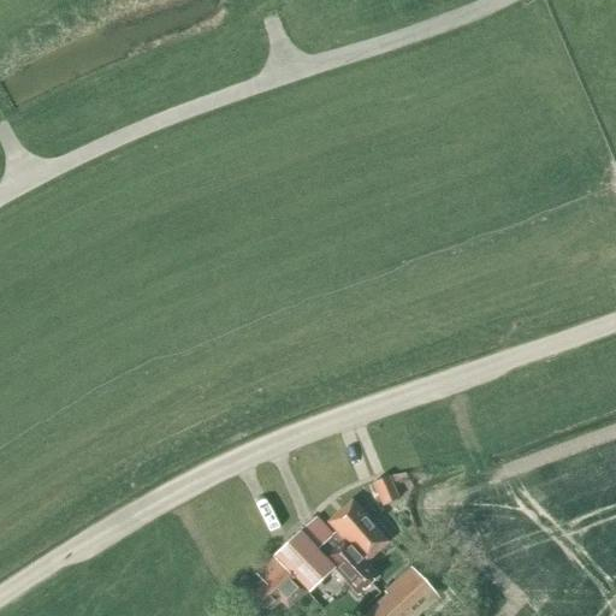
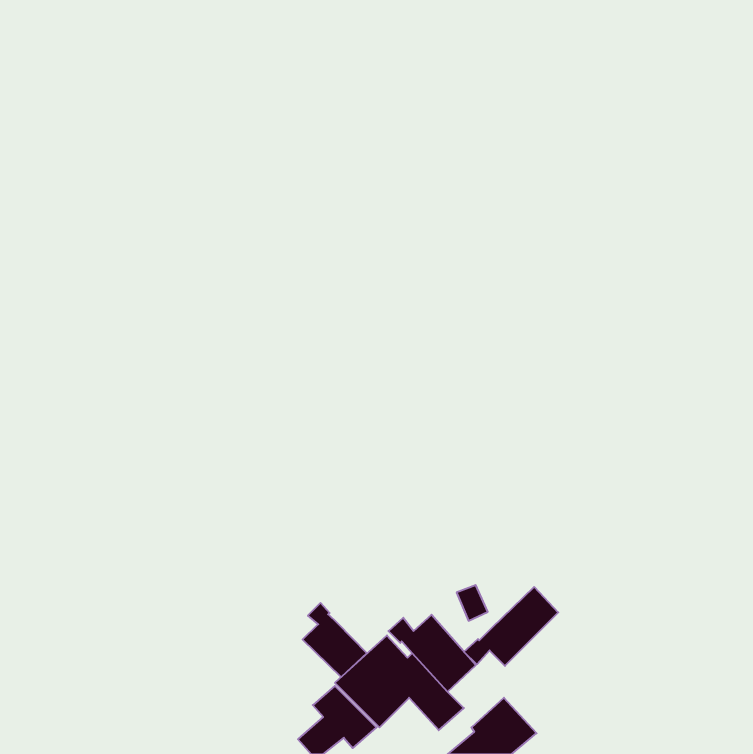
building: none -> [464,587,558,666]
building: none -> [303,603,367,677]

